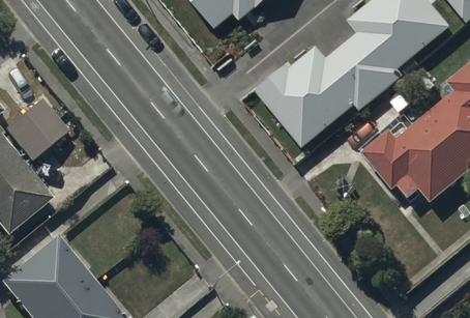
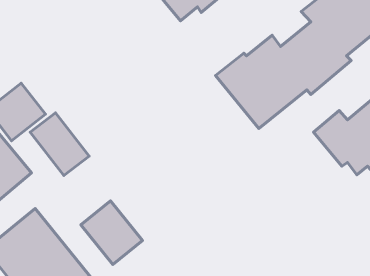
building: none -> [30,113,89,176]
building: none -> [81,201,143,265]

